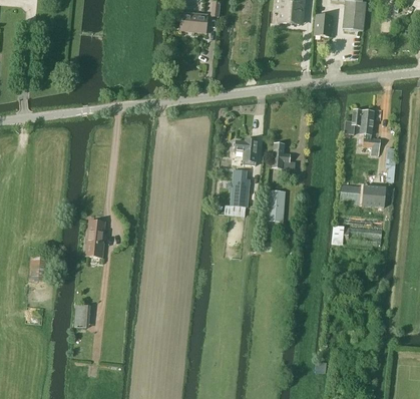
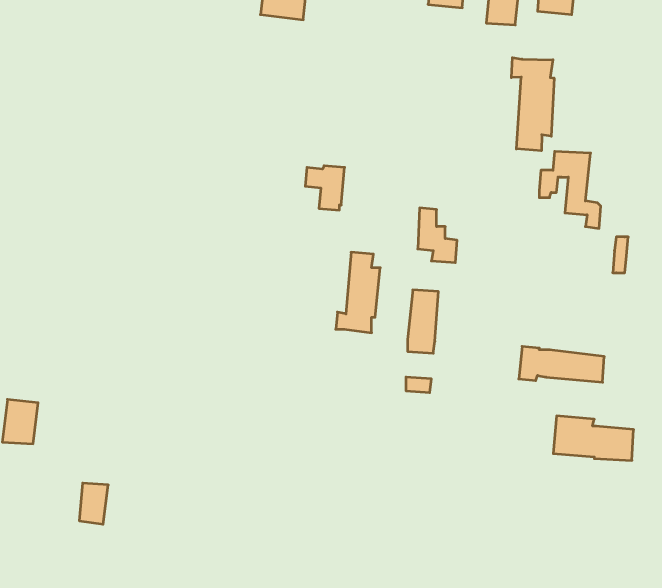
building: none -> [511,58,554,151]
building: [235,138,258,164] -> [305,166,345,210]
building: [340,180,387,207] -> [553,416,634,460]
building: [86,220,105,257] -> none

